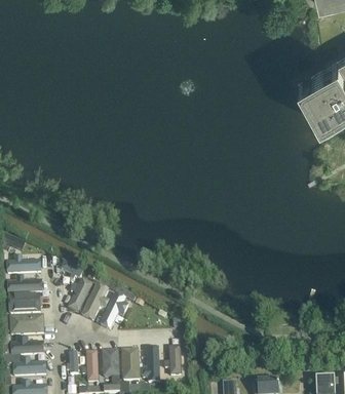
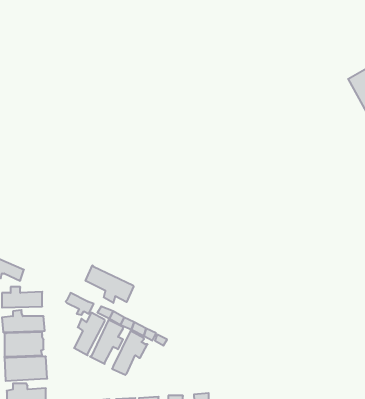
building: none -> [86,265,134,303]

